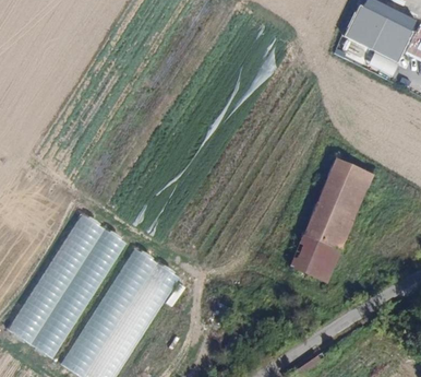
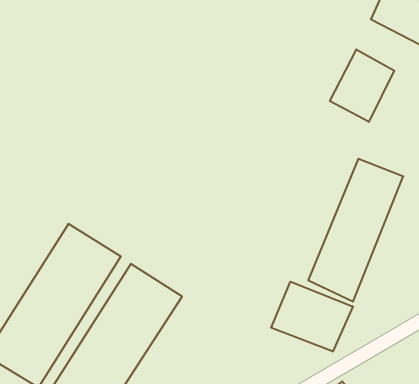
building: none -> [330,49,394,122]
building: none -> [271,282,353,352]

